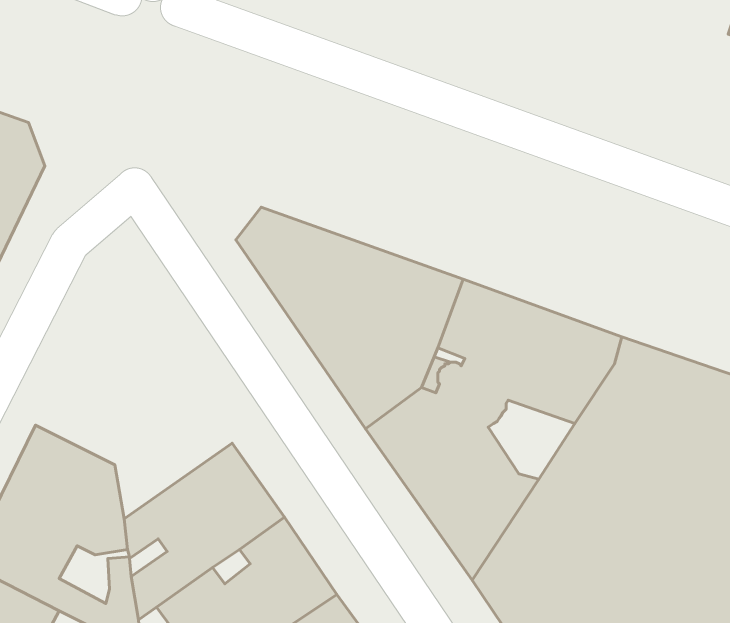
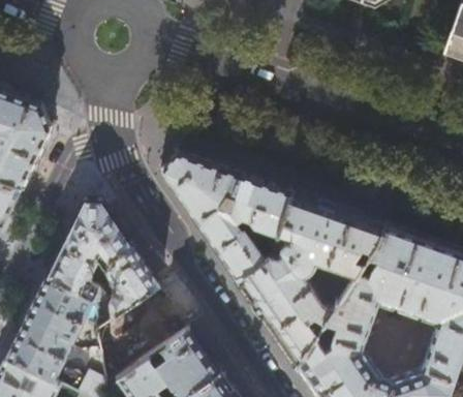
building: none -> [45,201,158,330]

